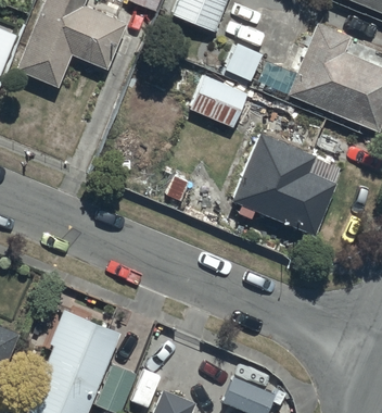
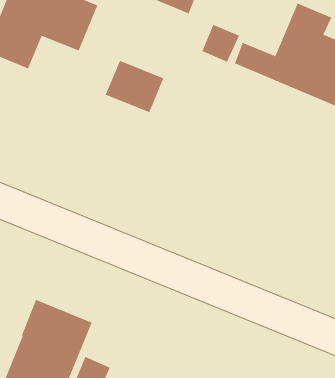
building: [190,76,247,127] -> [105,60,164,113]
building: [232,134,340,236] -> none

